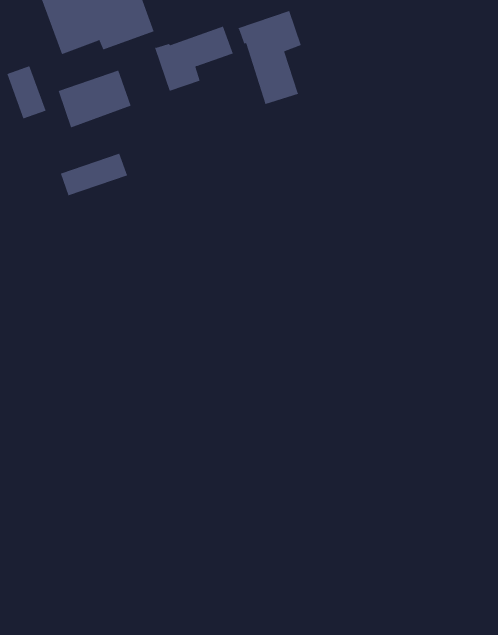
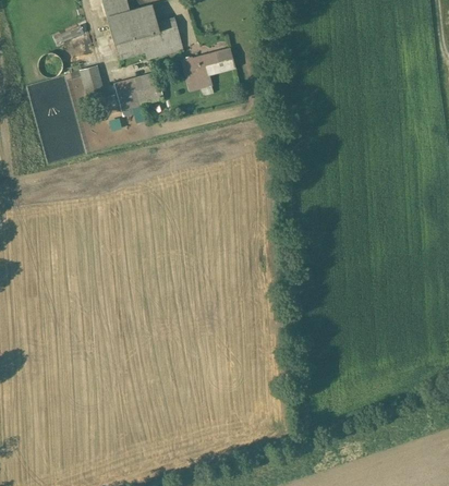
building: [237,10,301,105] -> none
building: [60,153,128,196] -> none

